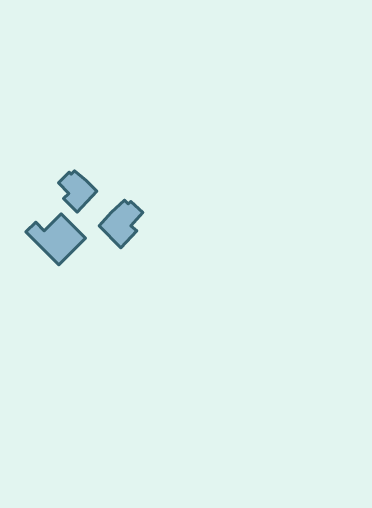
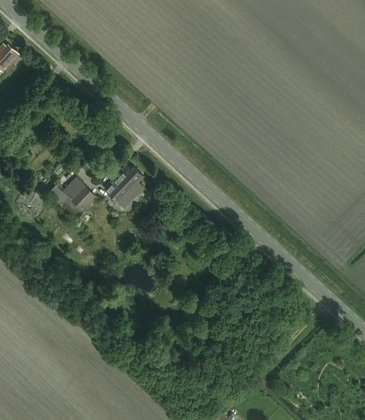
building: [58,171,97,212] -> none

